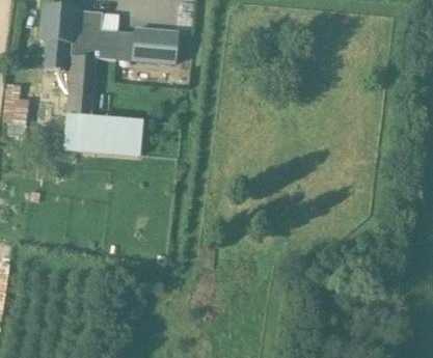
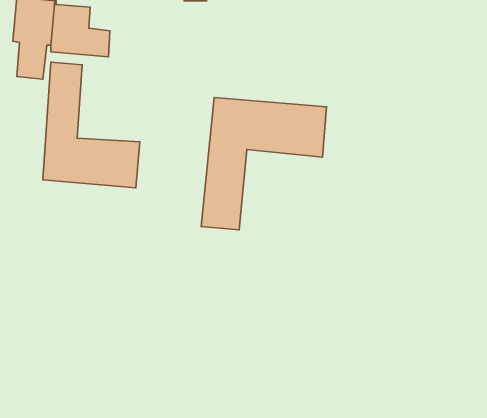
building: [130,27,175,63] -> none
building: none -> [201,98,326,230]

